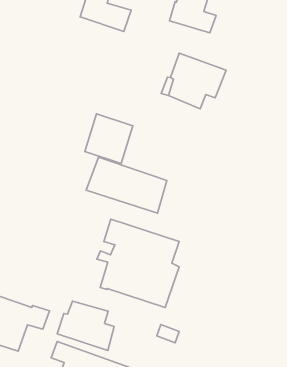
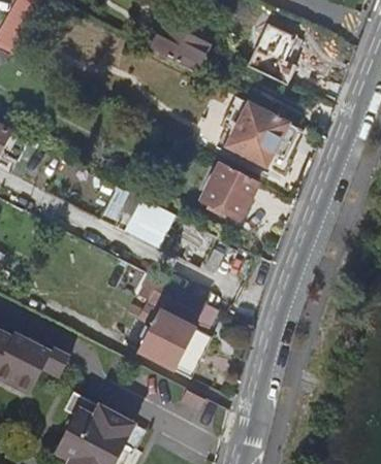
building: [85,114,133,163] -> [200,161,256,218]
building: [57,301,114,351] -> none

